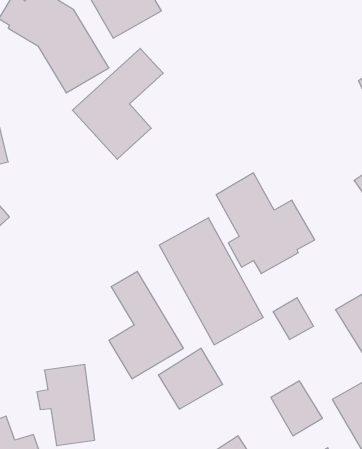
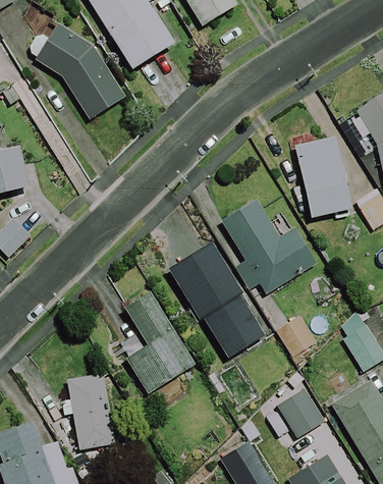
building: [72,48,163,159] -> none
building: none -> [293,142,350,217]
building: [158,348,223,409] -> none

